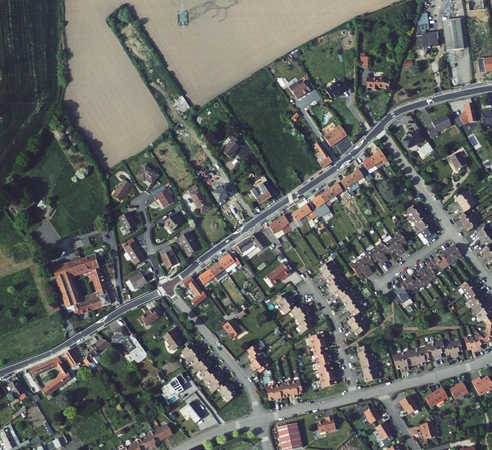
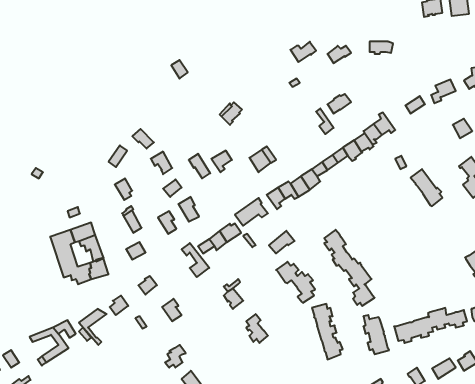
building: [356,234,408,275] -> none
building: [395,246,464,305] -> none
building: [181,342,237,403] -> none
building: [264,377,300,401] -> none

